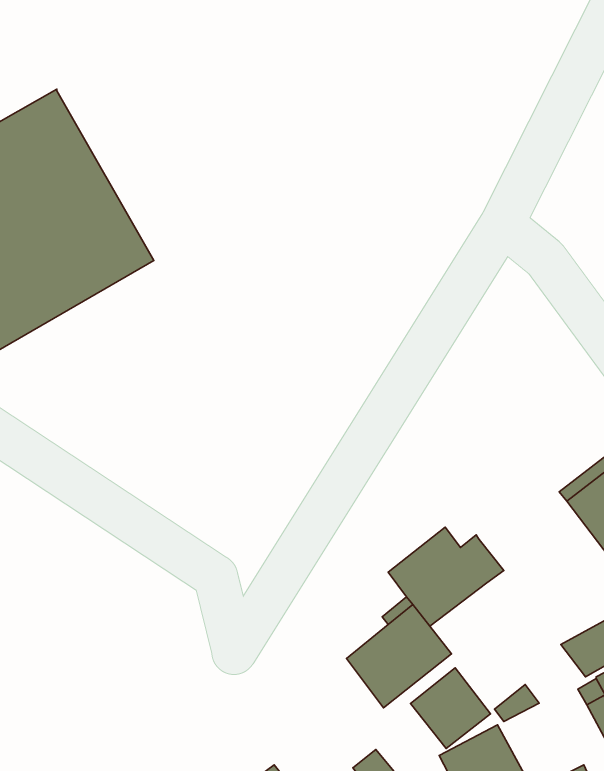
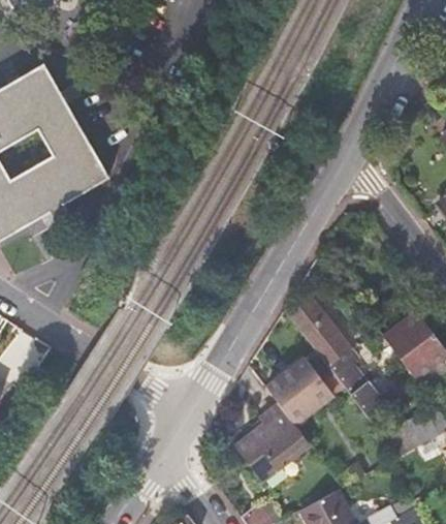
building: none -> [288,295,386,420]
building: [410,668,490,748] -> none

